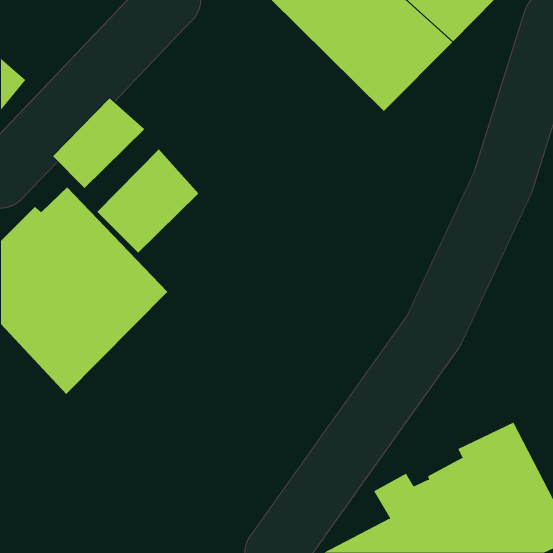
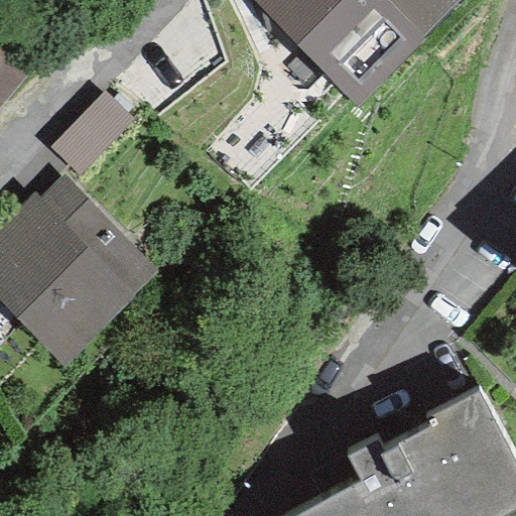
building: [97,148,199,253] -> none

